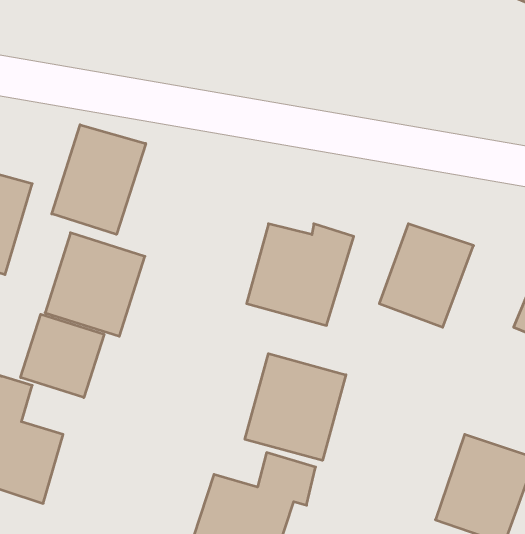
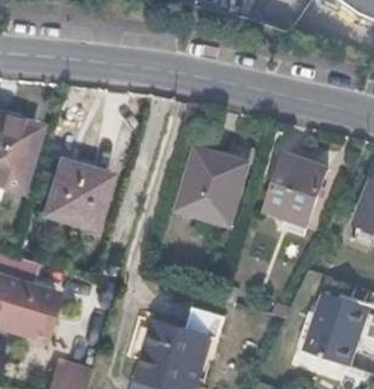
building: [52,125,146,234] -> none
building: [21,314,104,398] -> none
building: [245,354,346,460] -> none

